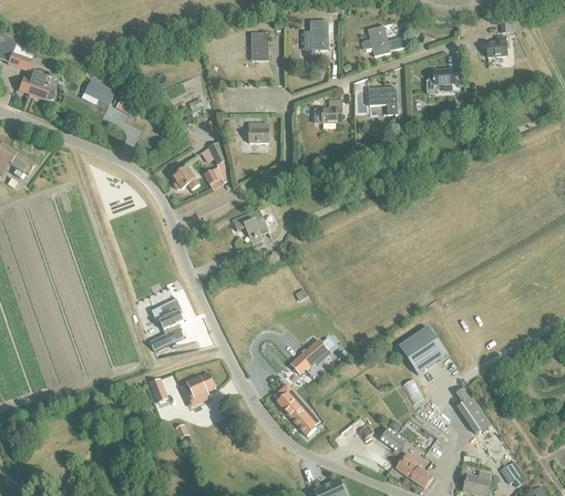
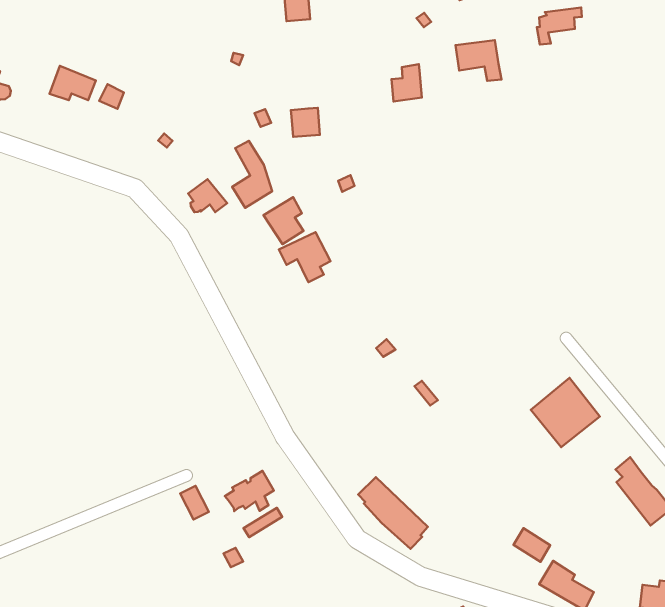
building: none -> [264,197,303,244]
building: [148,297,197,359] -> none
building: [290,339,330,373] -> none

